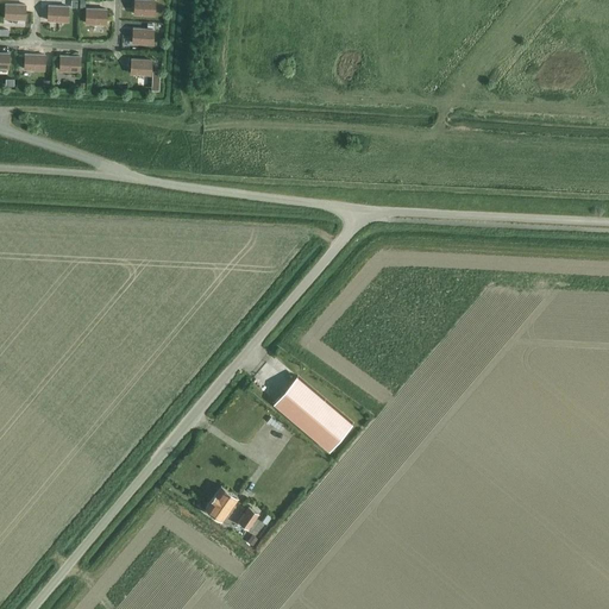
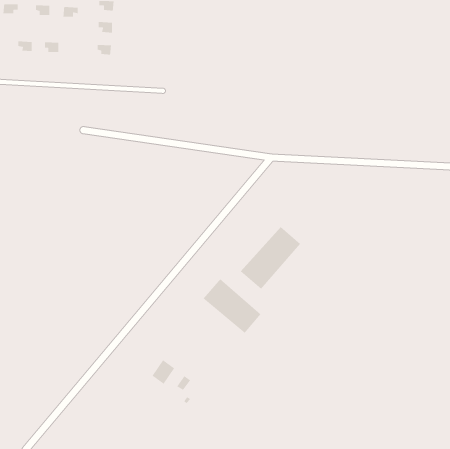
building: none -> [240,226,301,290]

